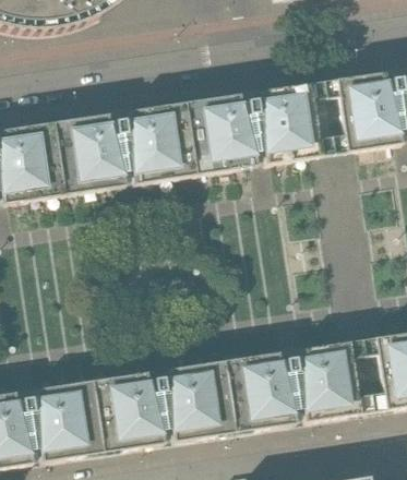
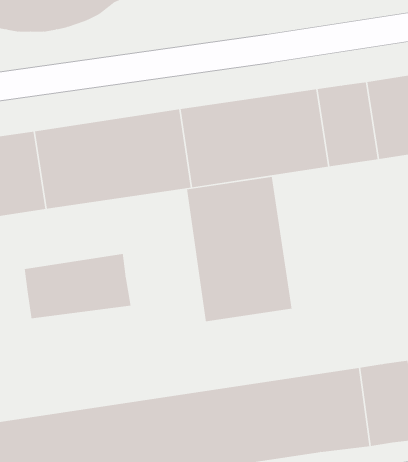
building: none -> [187,176,292,322]
building: none -> [24,253,131,319]

